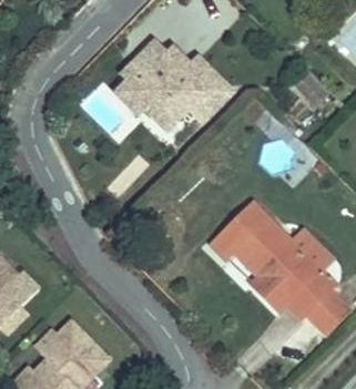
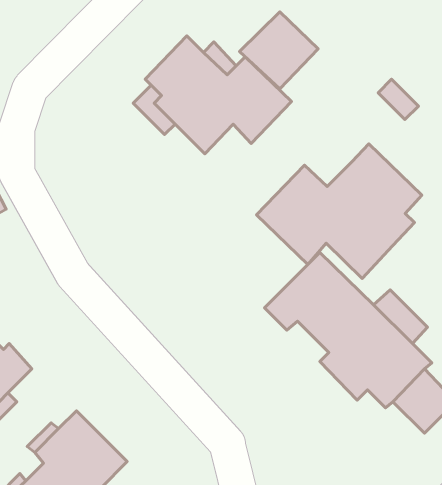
building: none -> [240,12,318,89]
building: none -> [256,144,422,279]

